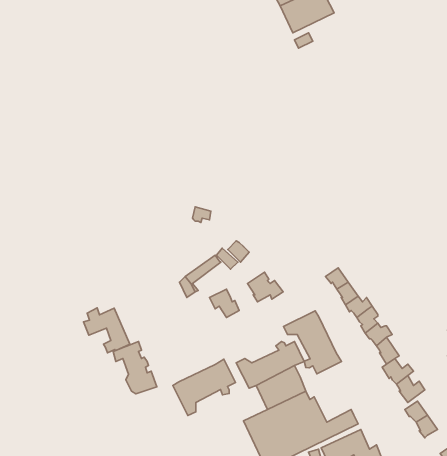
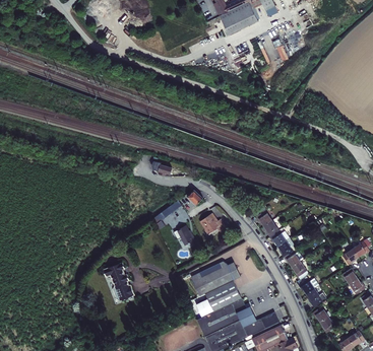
building: [83,308,130,353] -> none
building: [284,311,341,374] -> none
building: [173,359,236,416] -> none

